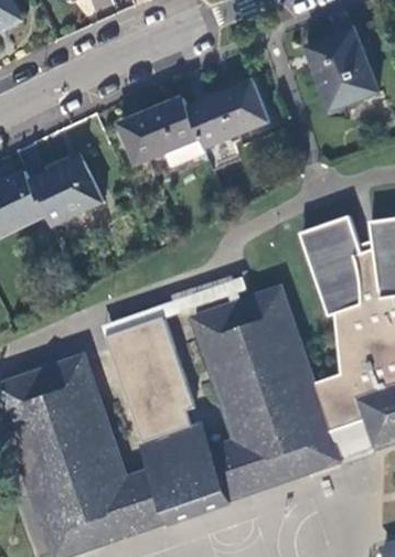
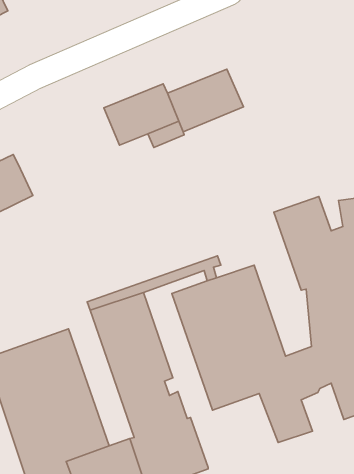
building: [307,28,375,108] -> none
building: [30,156,102,225] -> none
building: [329,413,374,463] -> none
building: [212,424,305,502] -> none

